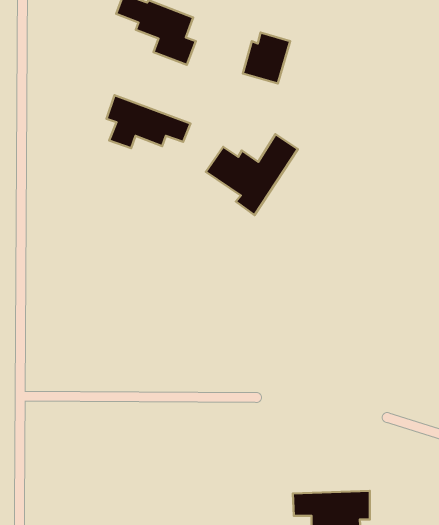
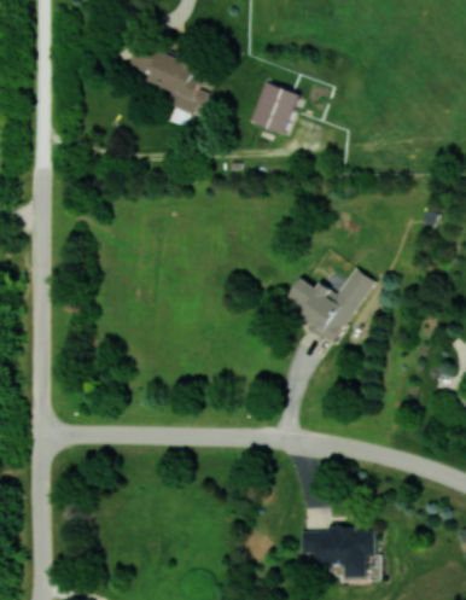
building: [107,95,190,148] -> none
building: [206,134,298,215] -> [284,266,373,344]

